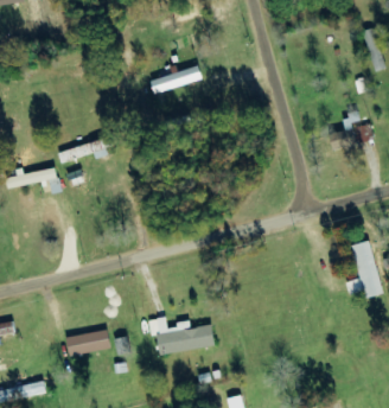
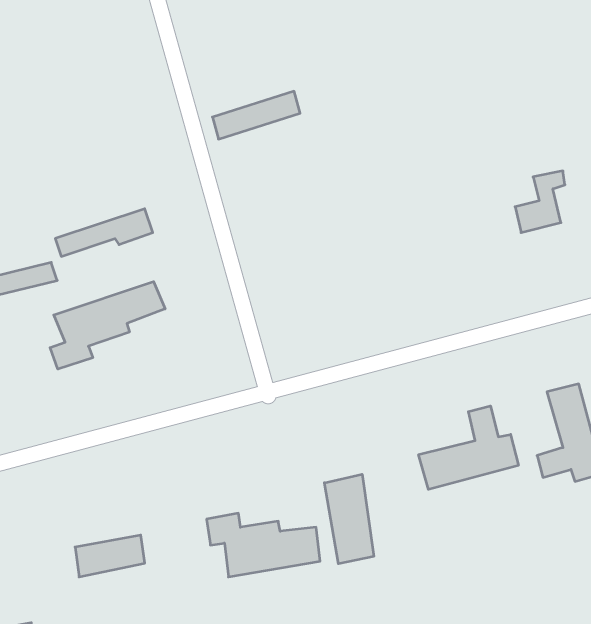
building: none -> [50,282,165,369]
building: none -> [419,406,518,489]
building: none -> [324,474,374,564]

